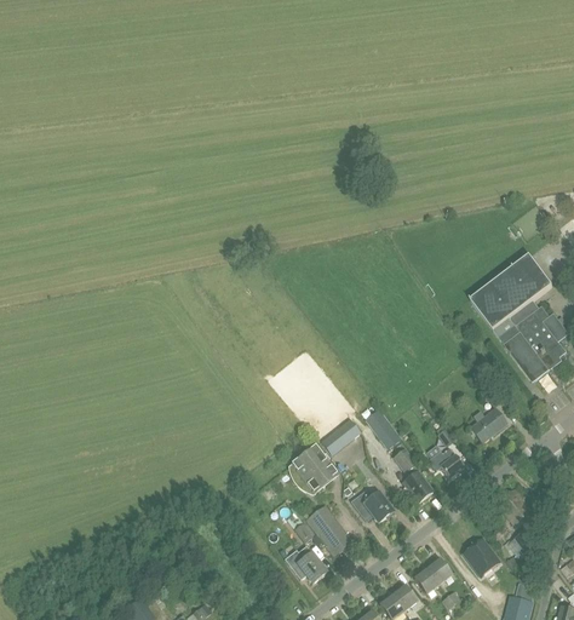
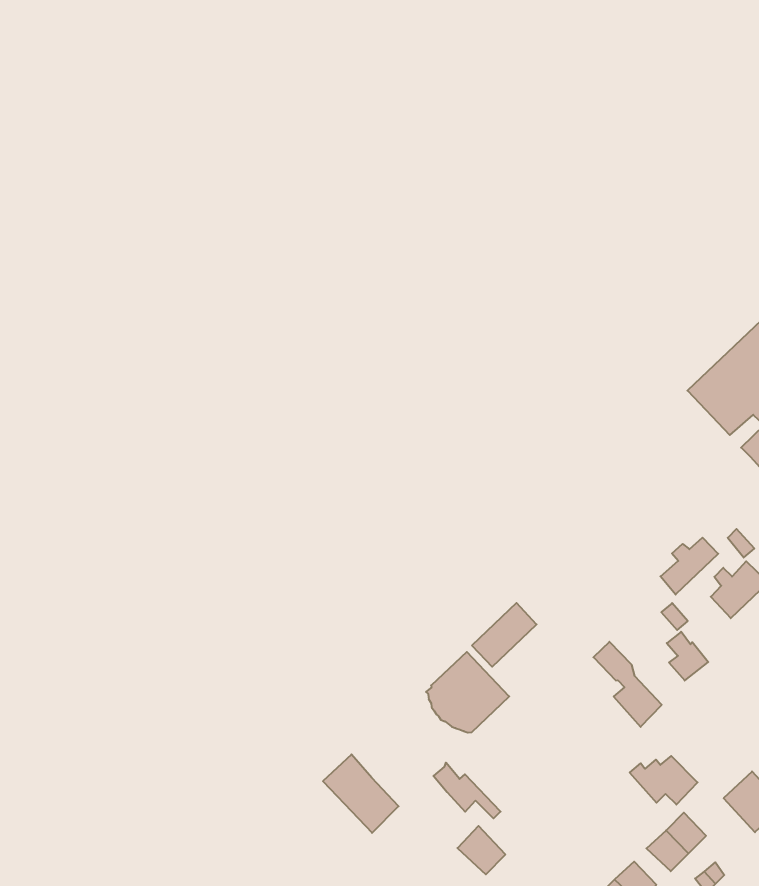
building: none -> [660,538,718,595]
building: [365,409,401,449] -> none
building: [351,493,392,523] -> [630,756,698,805]
building: [306,505,351,555] -> [323,754,399,833]

